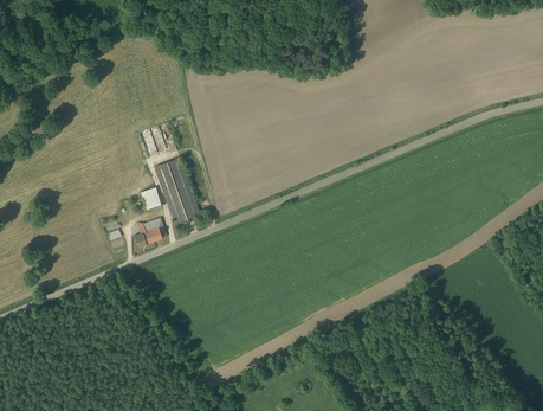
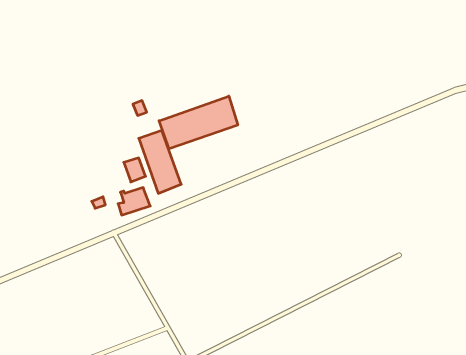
building: none -> [159,96,238,149]

